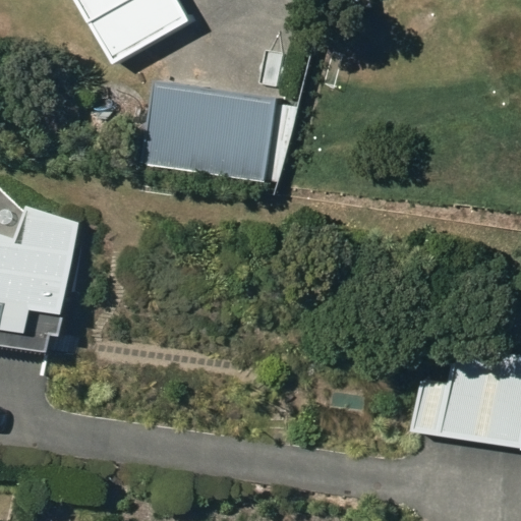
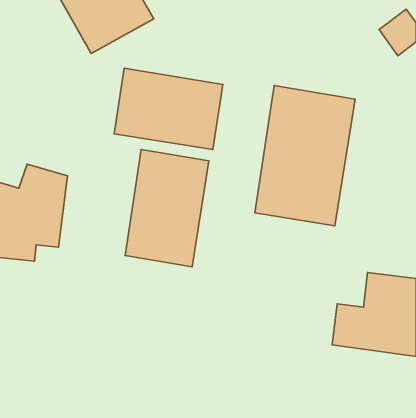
building: none -> [255,86,355,226]
building: none -> [125,149,209,267]

